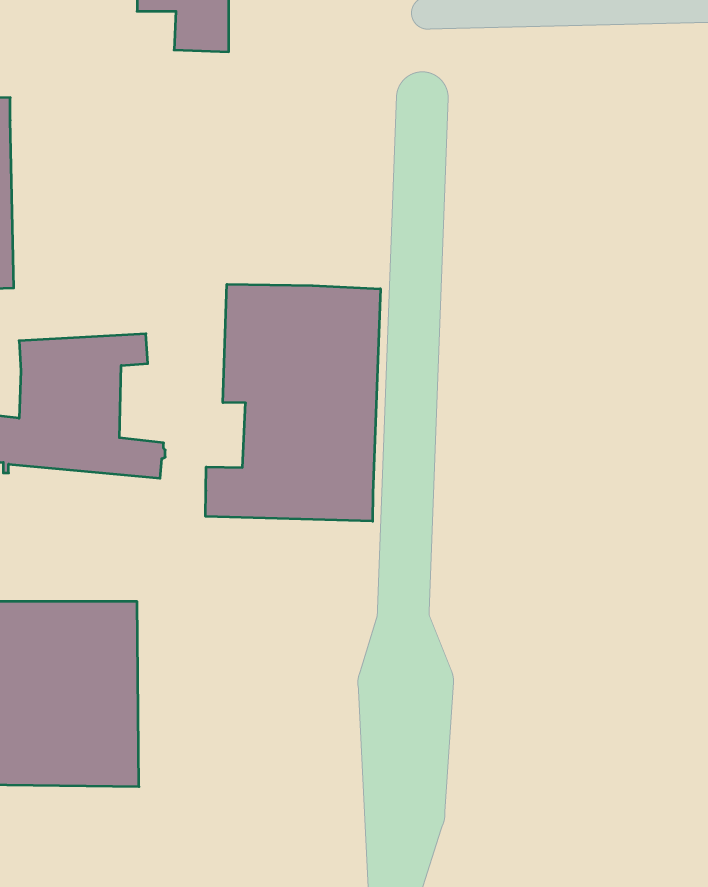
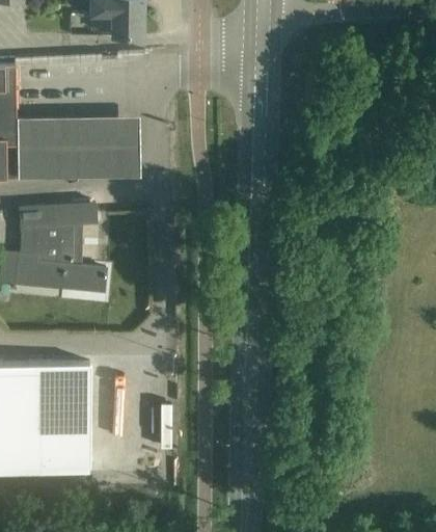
building: none -> [17,122,139,184]
building: [206,284,380,521] -> none

